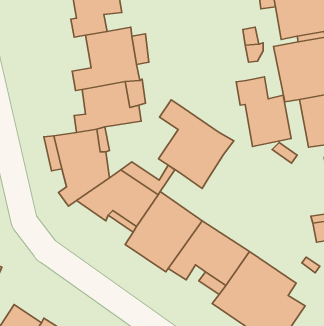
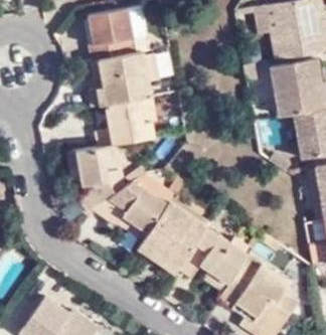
building: [236,77,291,147] -> none
building: [159,100,234,188] -> none

